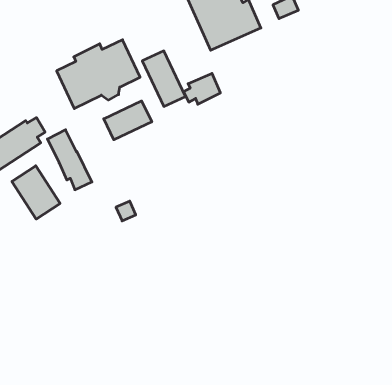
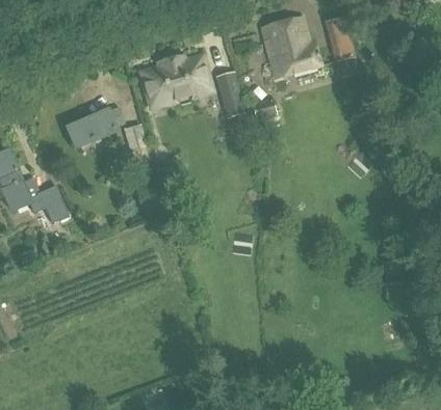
building: [104,101,152,140] -> none
building: [12,166,60,219] -> none

